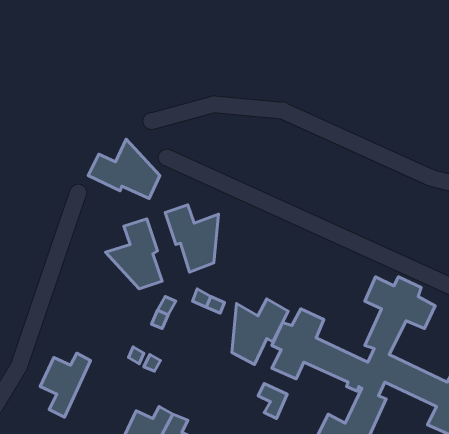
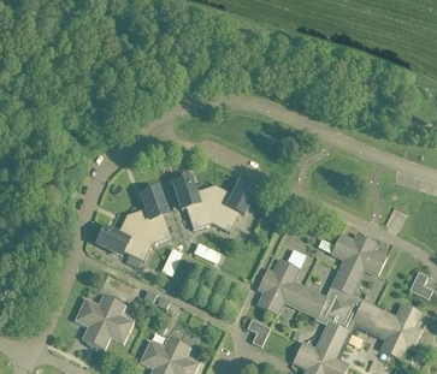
building: [88,139,160,199] -> [96,215,153,262]
building: [232,299,288,365] -> [212,182,256,233]
building: none -> [94,301,135,350]

